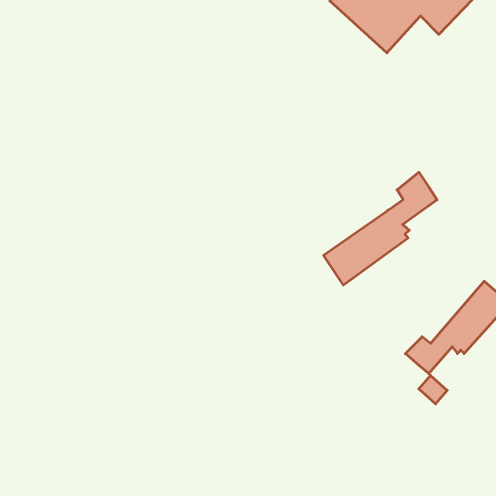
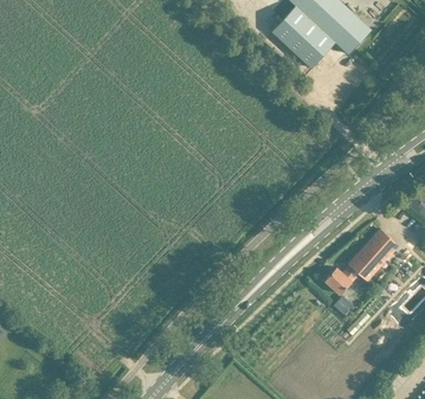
building: [324,172,437,285] -> none

